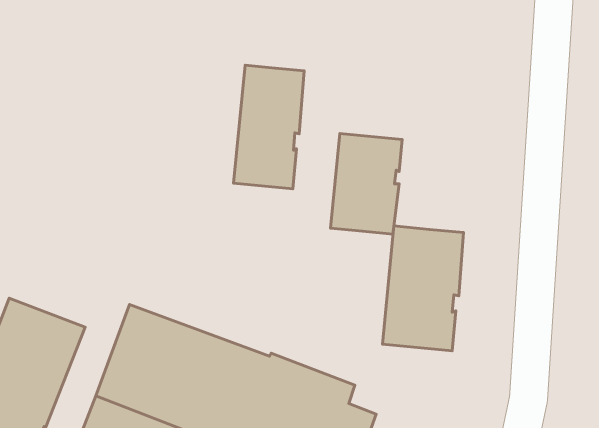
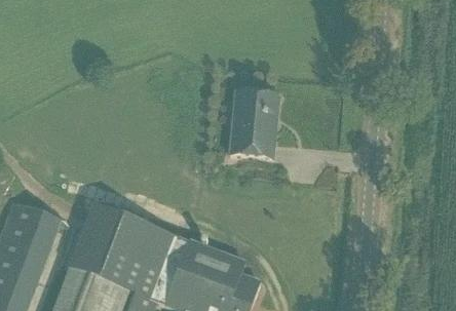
building: [234,65,304,189] -> none
building: [383,226,463,351] -> none

